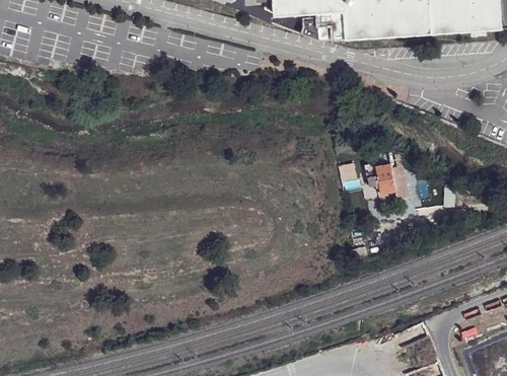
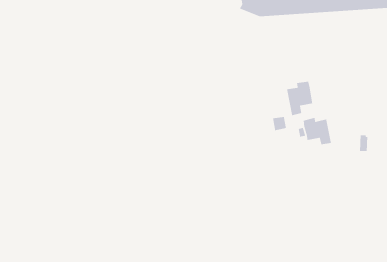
building: none -> [286,81,313,116]

